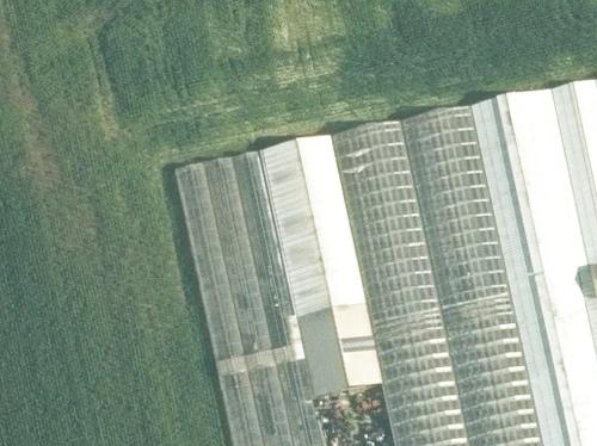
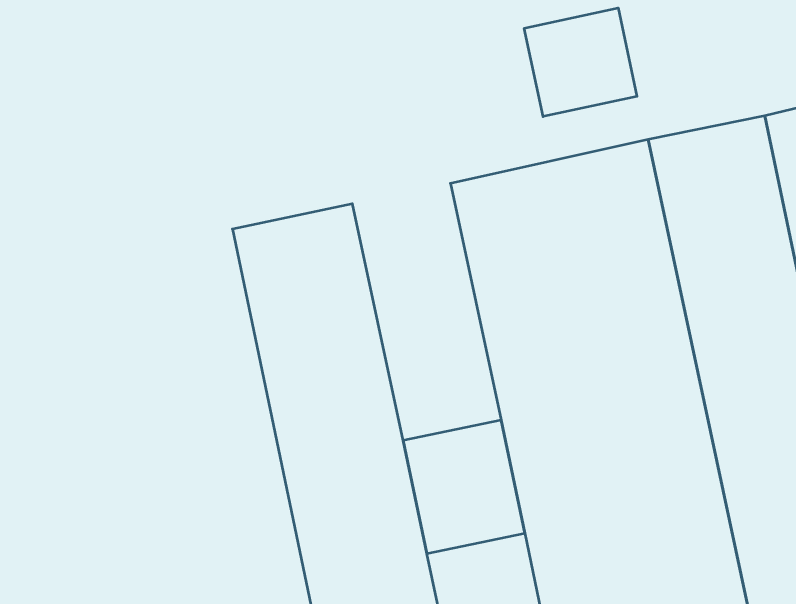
building: none -> [524,8,637,117]
building: [261,135,367,316] -> none

